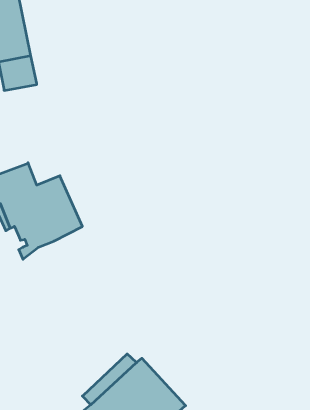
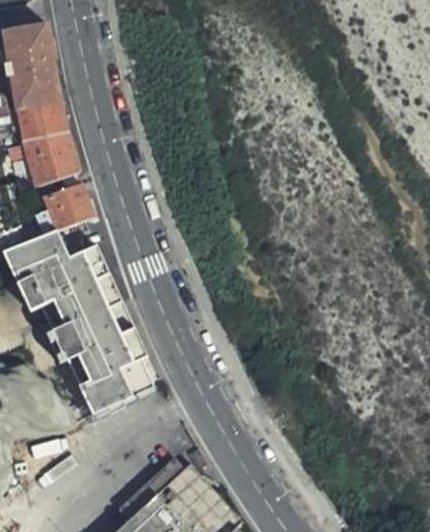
building: none -> [28,134,79,184]
building: none -> [46,182,92,229]
building: none -> [51,305,149,416]

